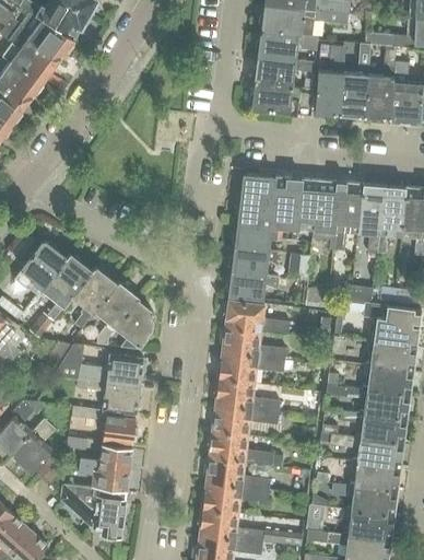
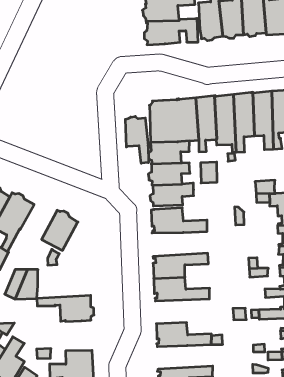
building: none -> [125,116,148,163]
building: [72,267,117,329] -> none
building: [117,301,154,349] -> none
building: [220,326,285,360] -> none
building: [79,353,146,386] -> none
building: [211,405,276,435] -> none
building: [71,406,139,445] -> none
building: [204,457,269,490] -> none

